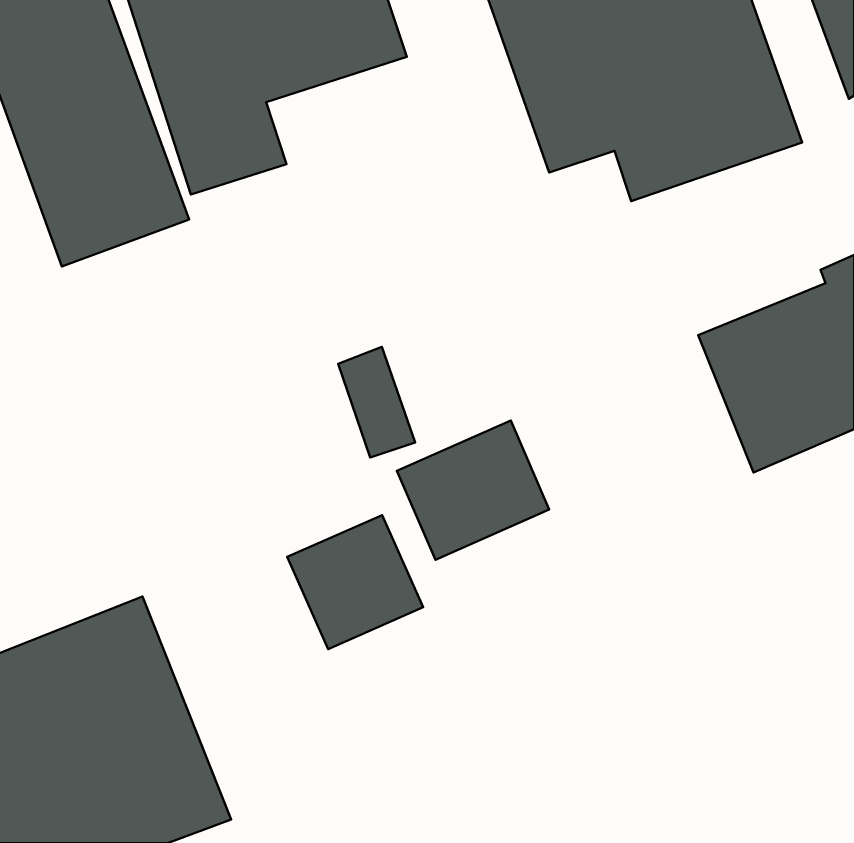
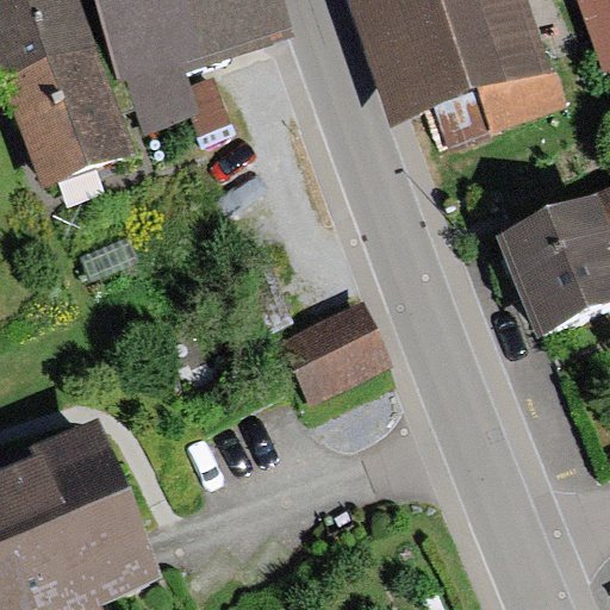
building: [287,515,423,649] -> none

